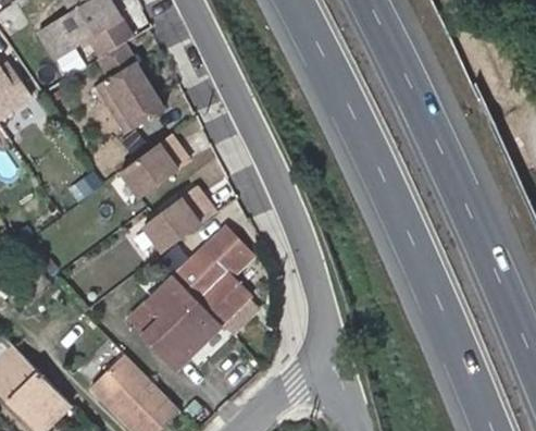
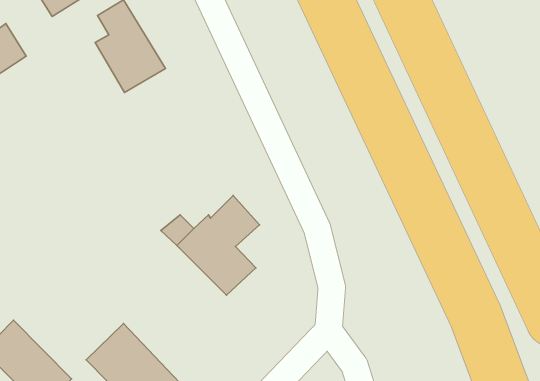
building: [117,134,179,197] -> none
building: [146,187,216,248] -> none
building: [148,280,222,366] -> none

